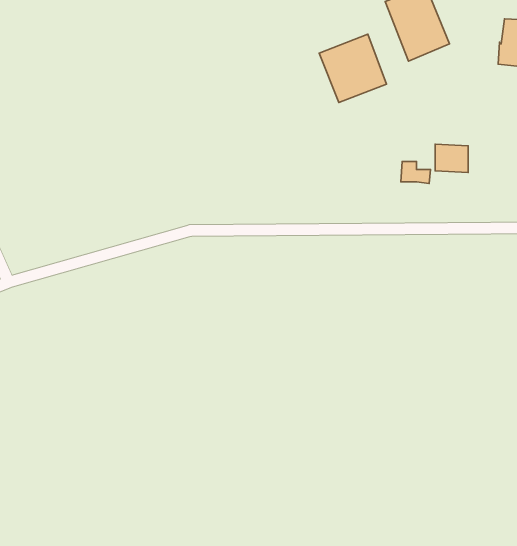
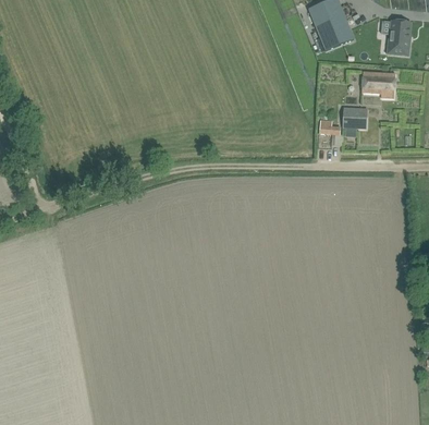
building: [319,34,387,102] -> none
building: none -> [361,71,395,98]

